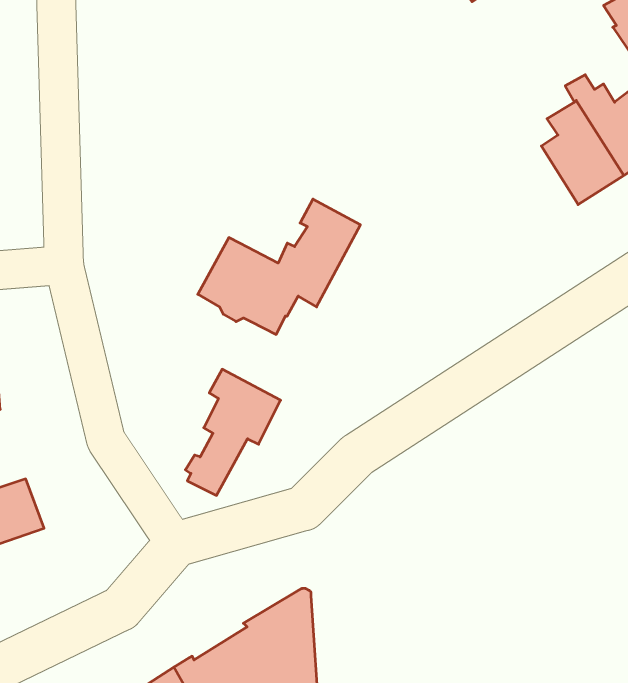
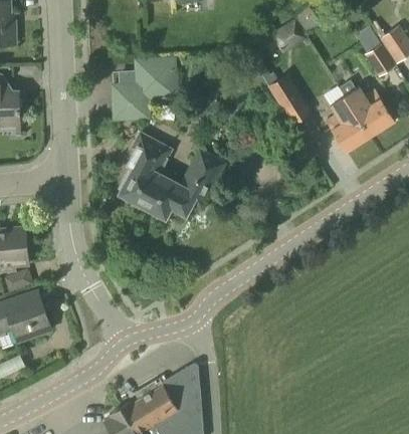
building: none -> [113,57,176,119]
building: none -> [267,73,312,125]
building: [185,369,281,495] -> [119,132,171,201]

